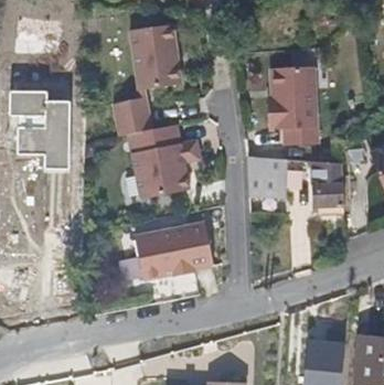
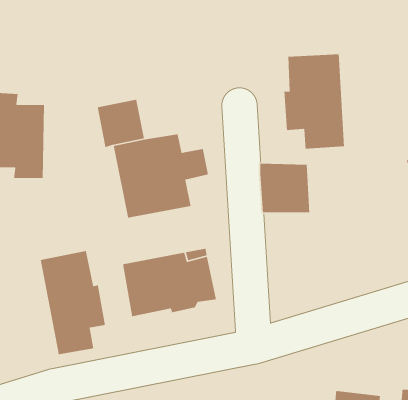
building: [128,23,184,94] -> none
building: [313,156,343,208] -> none
building: none -> [40,250,106,355]

